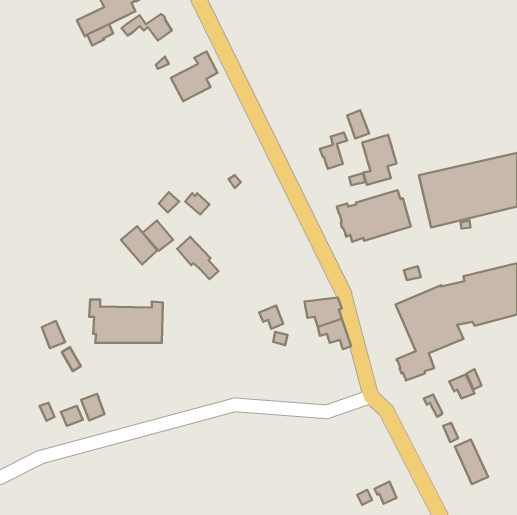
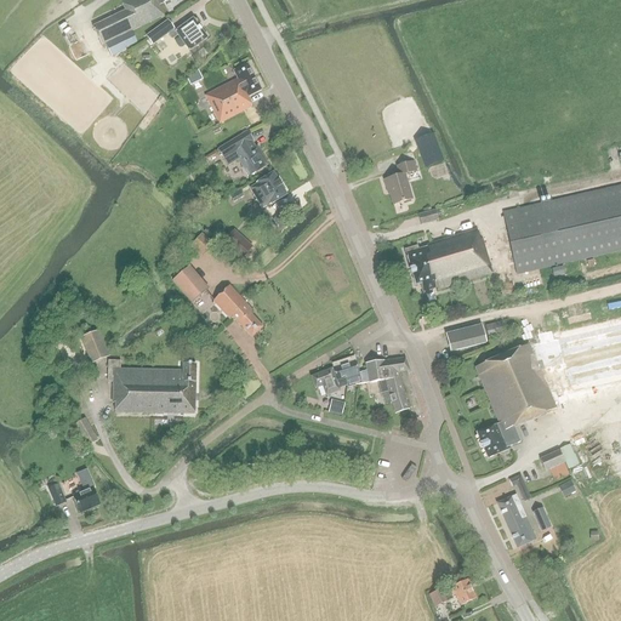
building: none -> [217,130,268,175]
building: [362,135,397,185] -> none
building: none -> [249,171,286,206]
building: [121,226,157,265] -> none
building: none -> [445,323,486,349]
building: none -> [332,359,369,386]
building: [42,321,65,348] -> [80,329,108,361]
building: [81,394,104,421] -> none
building: [455,440,488,484] -> [496,492,536,546]

